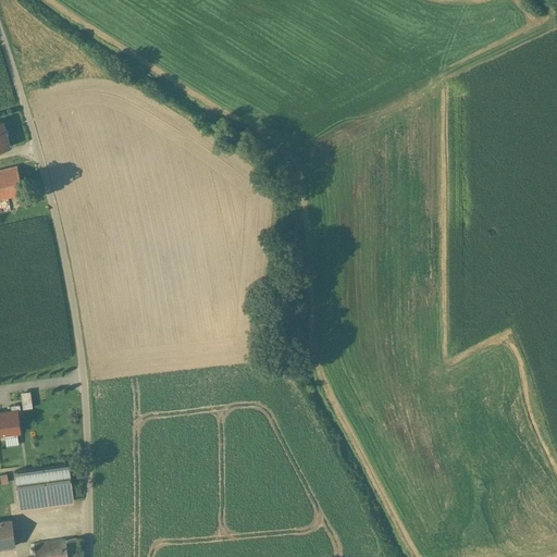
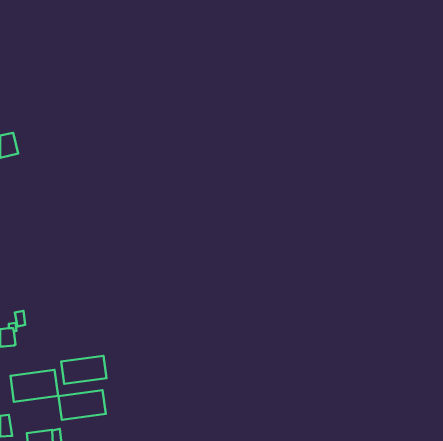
building: none -> [61,356,107,384]
building: none -> [58,390,106,420]

